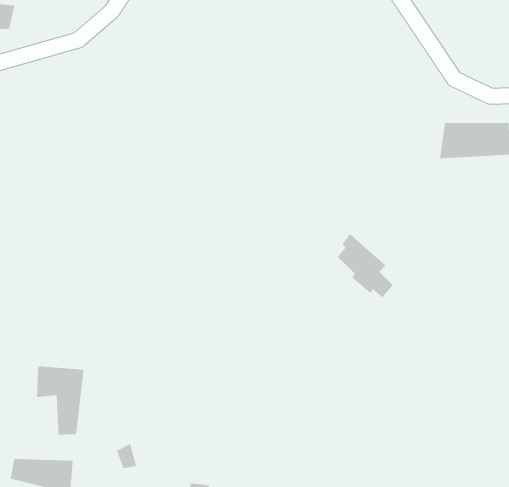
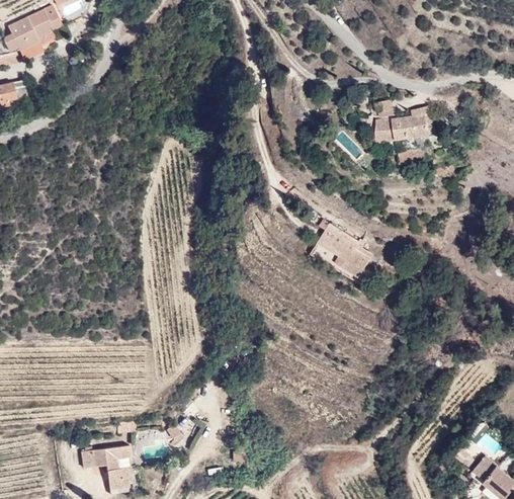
building: [37,366,84,436] -> none

